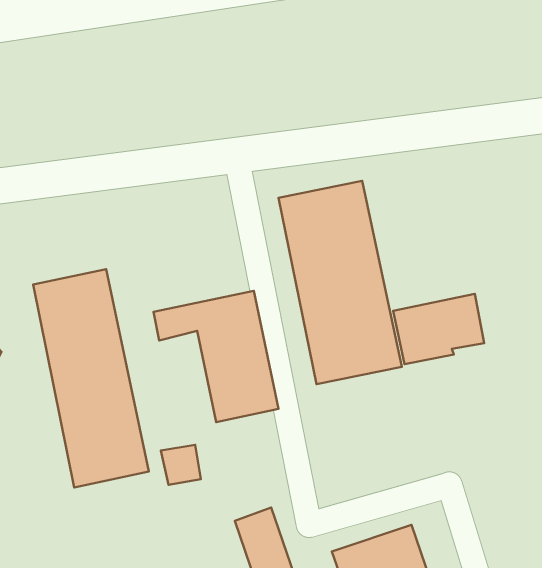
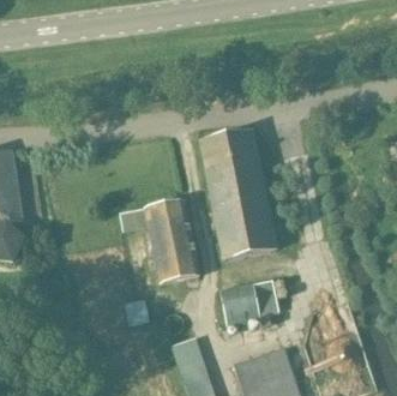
building: [33,269,149,488] -> none
building: [393,294,484,364] -> [221,278,278,323]

